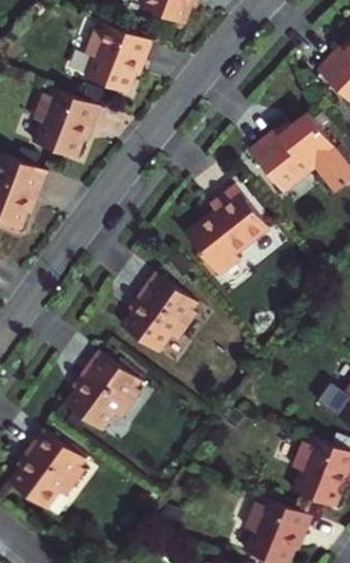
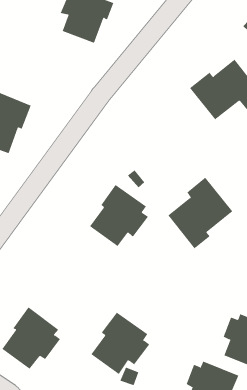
building: [32,89,100,159] -> none
building: [185,185,269,277] -> [168,177,233,249]
building: [65,351,141,431] -> [91,312,150,375]

